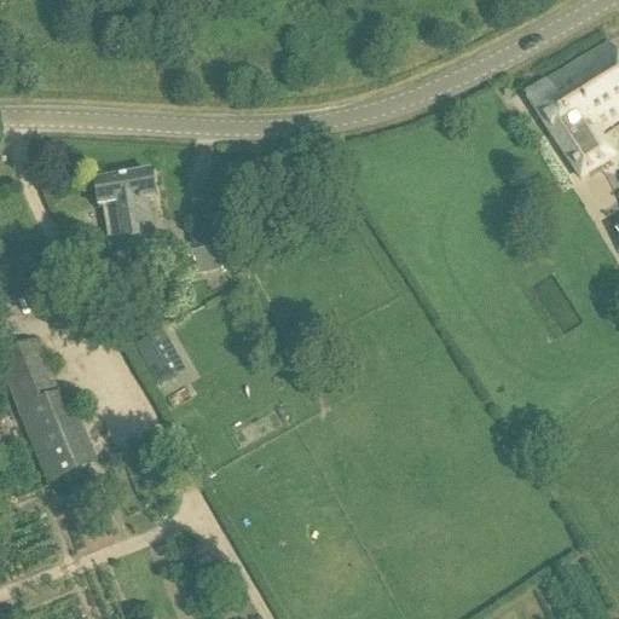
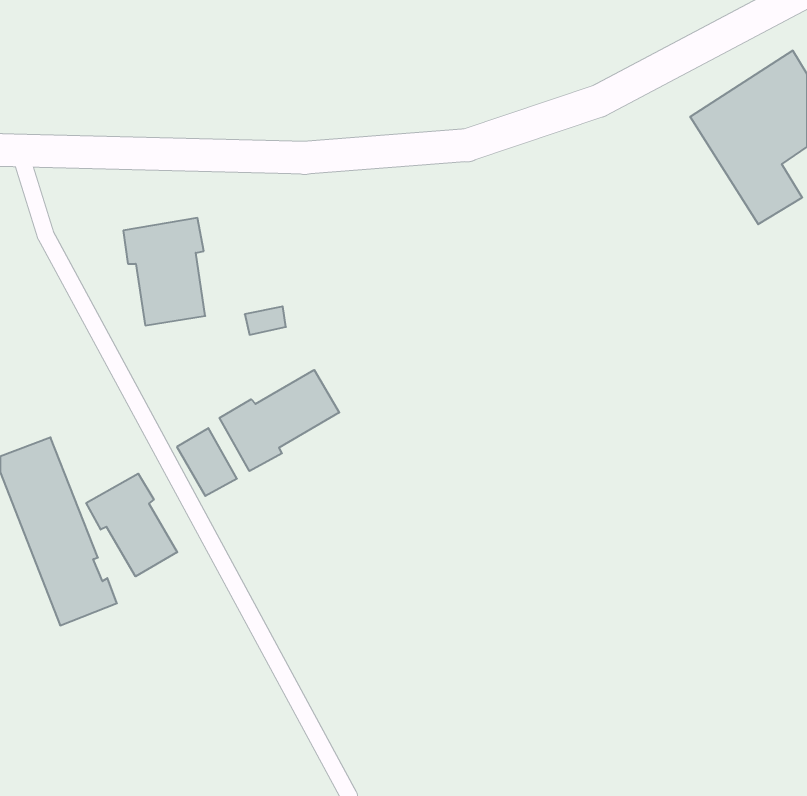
building: none -> [220,370,339,471]
building: none -> [86,474,177,576]

